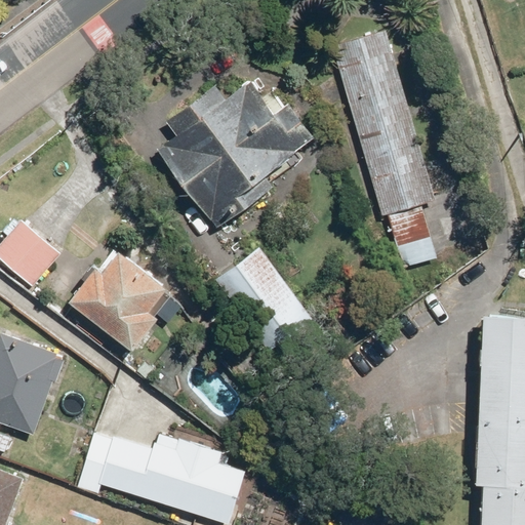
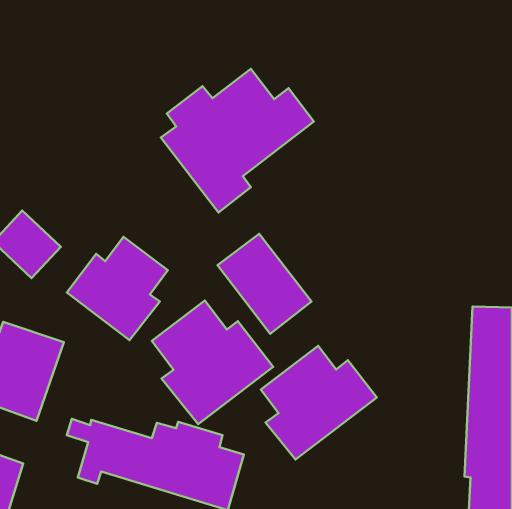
building: [335,33,438,271] -> none
building: none -> [152,301,273,424]
building: none -> [261,346,377,460]

